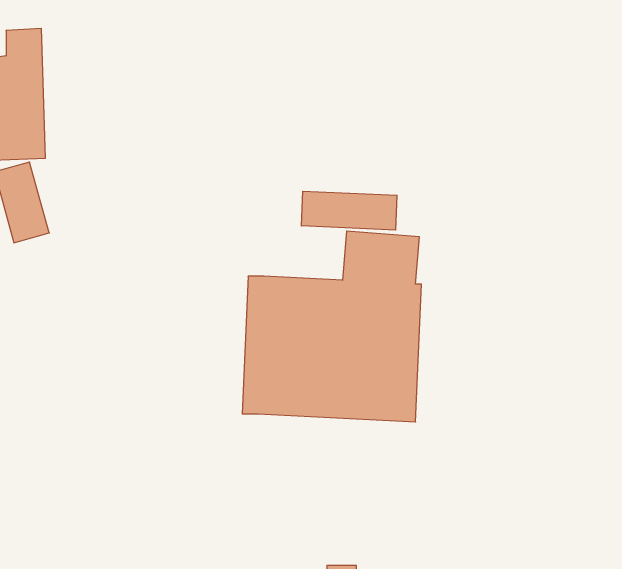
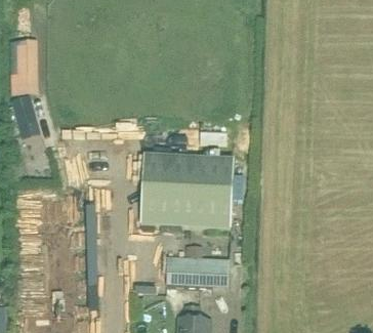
building: [301,191,397,230] -> none
building: none -> [168,253,231,284]

